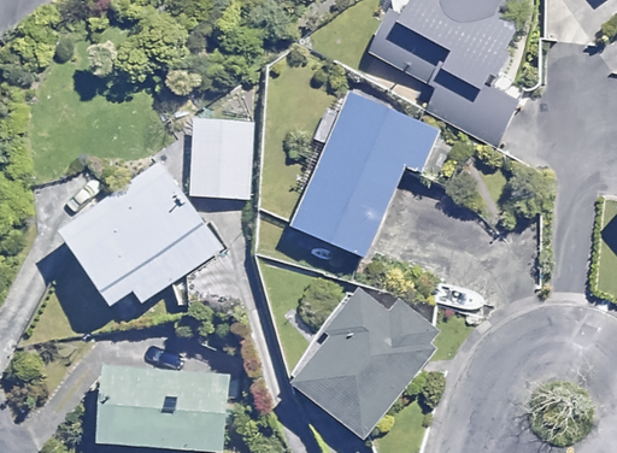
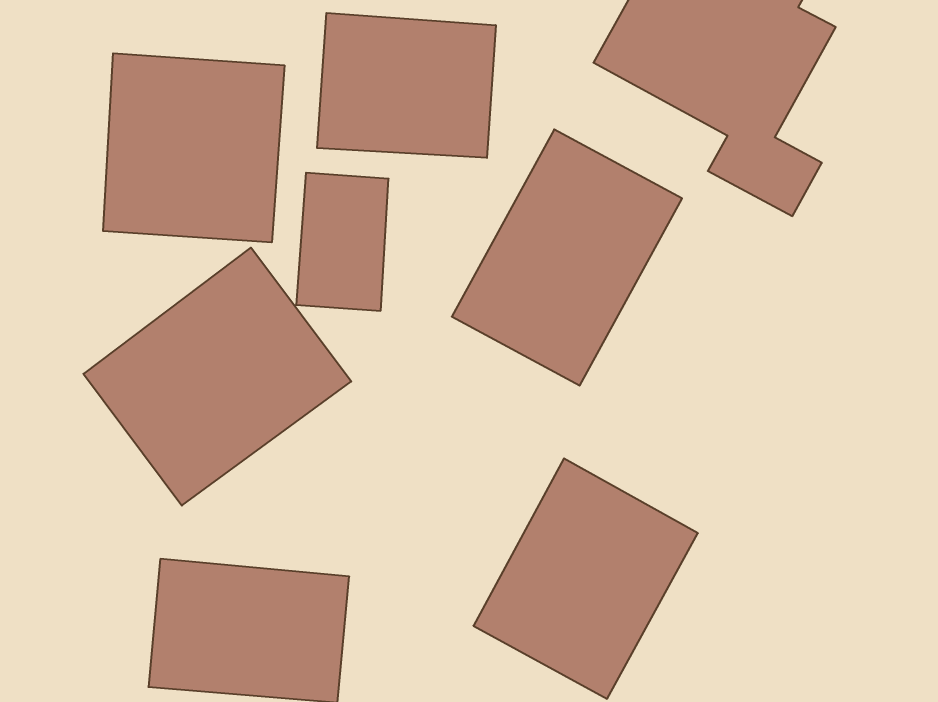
building: none -> [317,13,496,158]
building: none -> [103,53,284,242]

